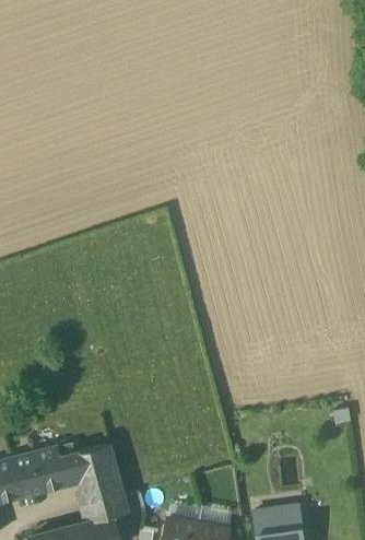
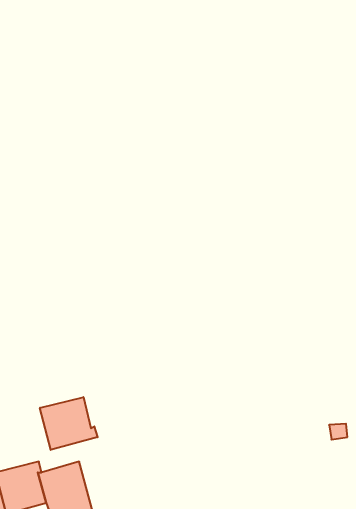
building: none -> [40,397,98,450]

